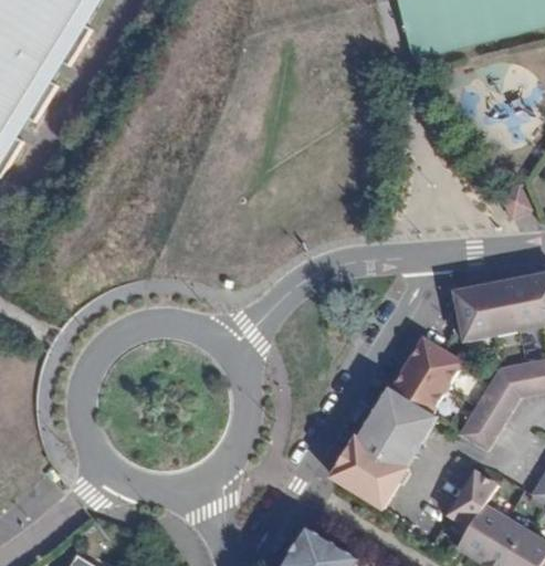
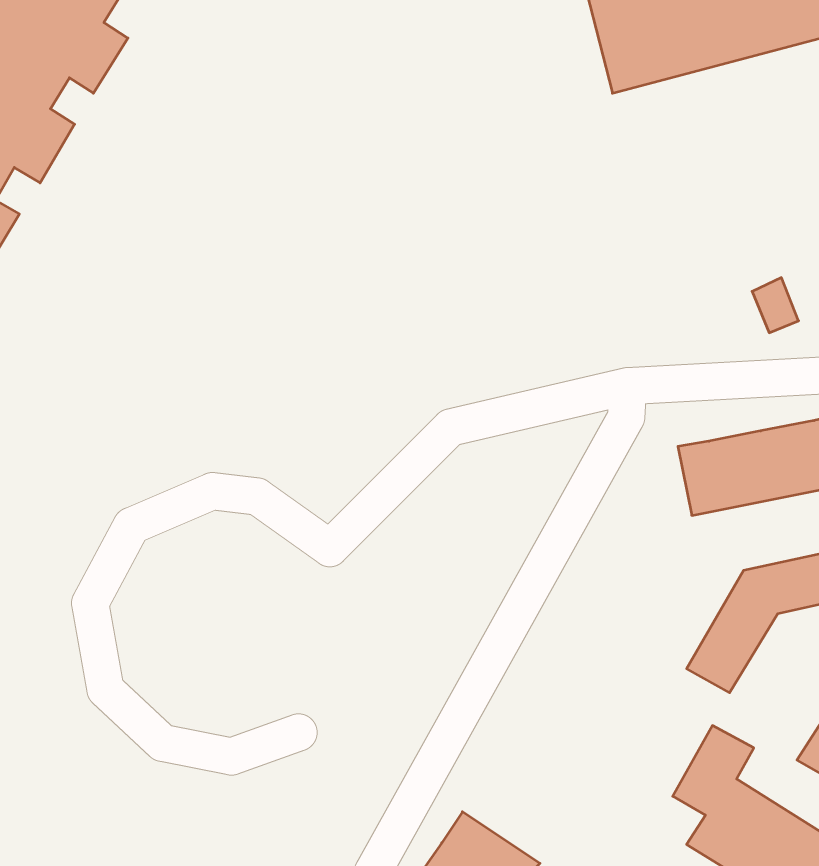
building: [332,333,463,504] -> none

